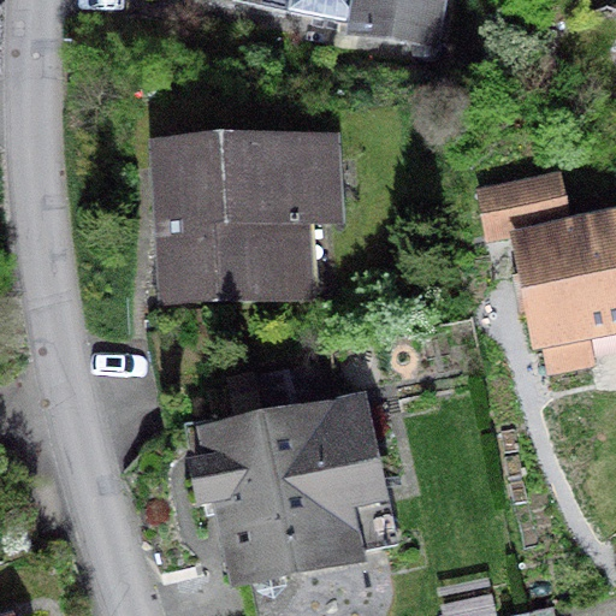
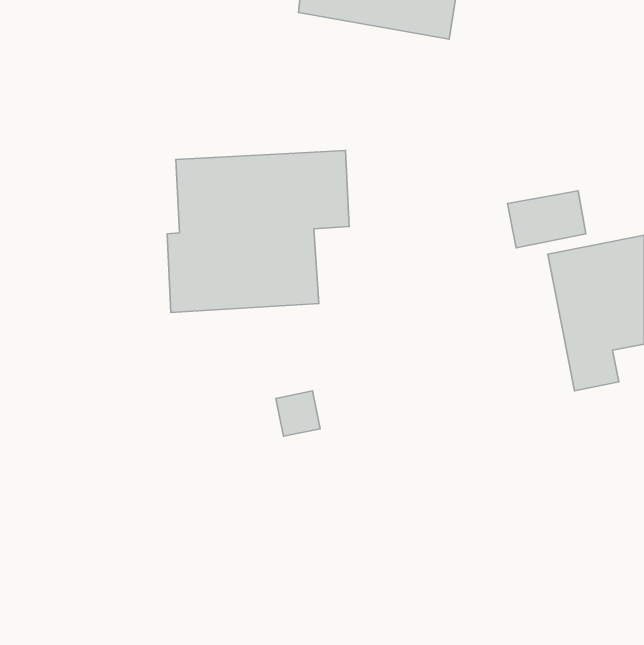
building: [208,409,385,574] -> none

